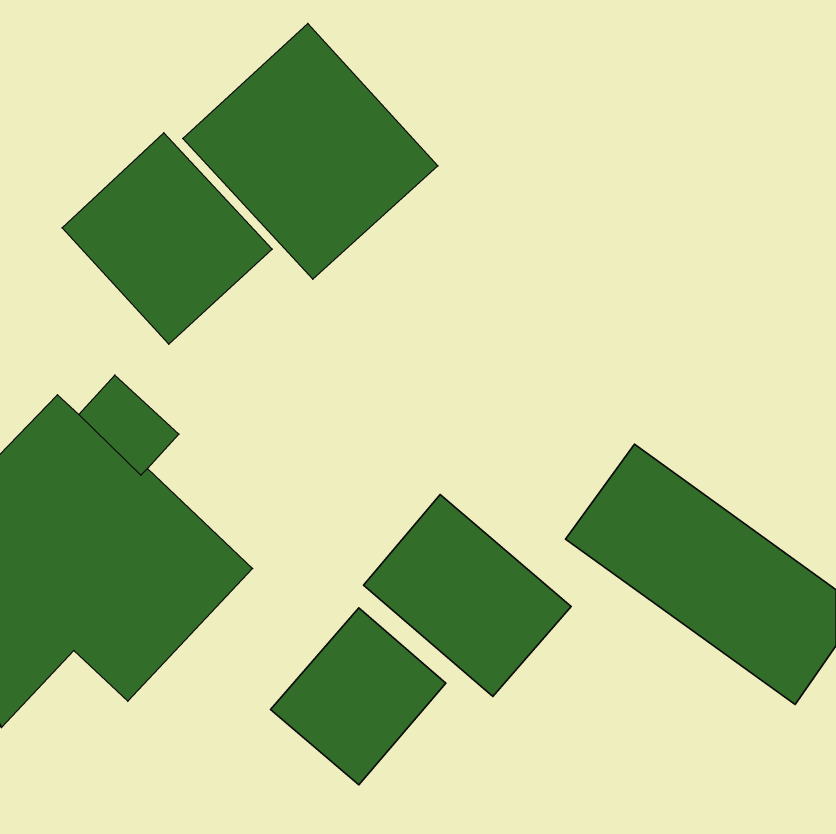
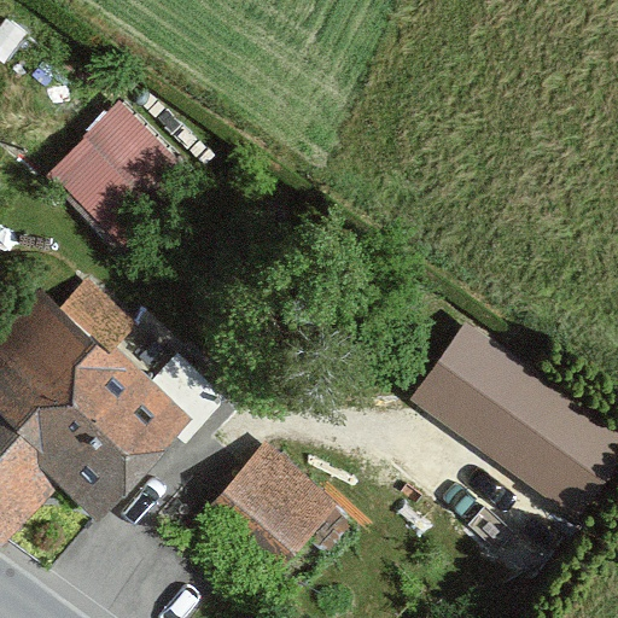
building: [183,23,438,279] -> none
building: [364,495,571,697] -> none

